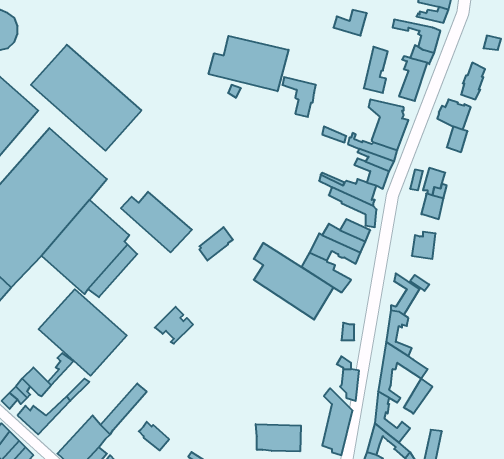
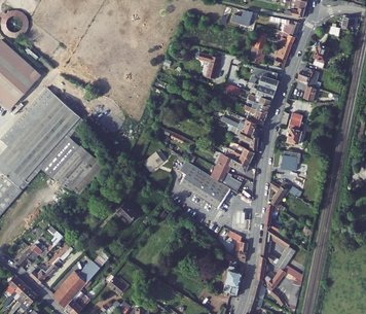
building: [209,36,289,91] -> none
building: [31,45,141,151] -> none
building: [121,192,192,252] -> none
building: [39,289,127,376] -> none
building: [256,424,301,451] -> none

